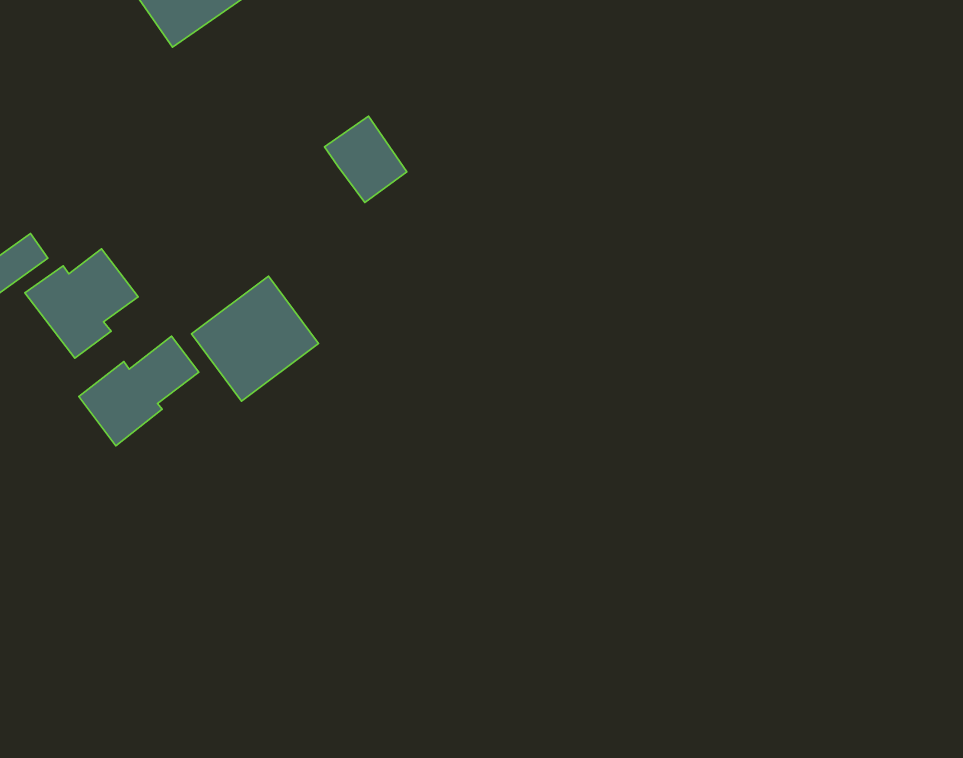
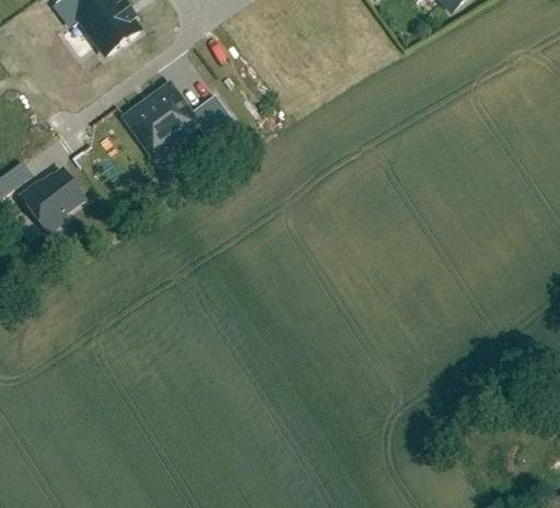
building: [192,276,318,401] -> [125,83,197,154]
building: [79,336,199,446] -> none

